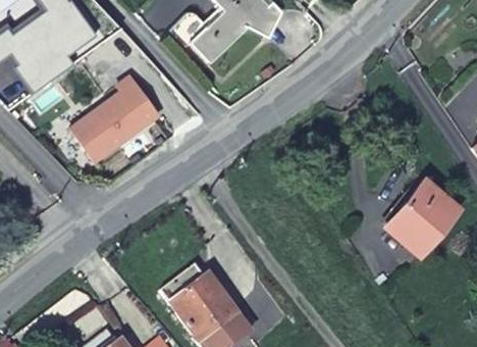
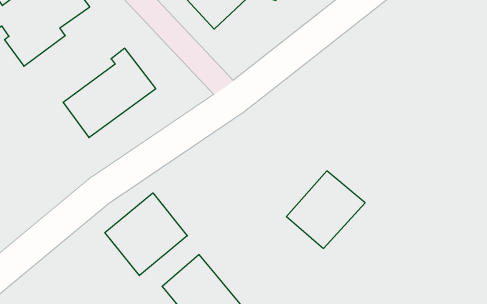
building: [385,169,461,244] -> [286,171,365,248]
building: none -> [105,193,187,276]

